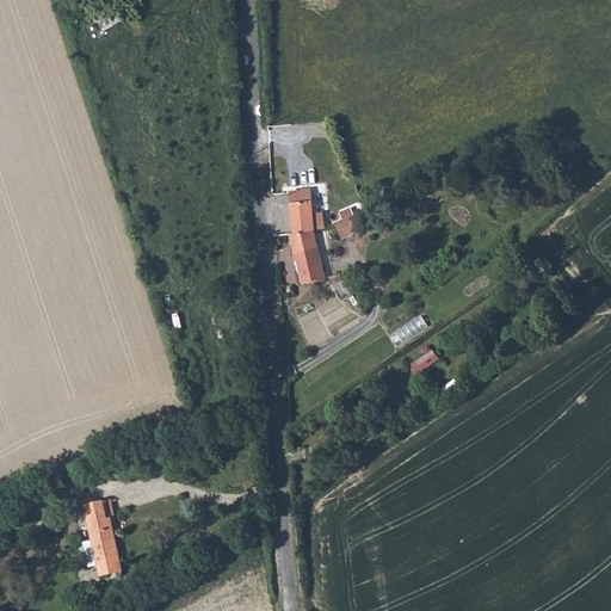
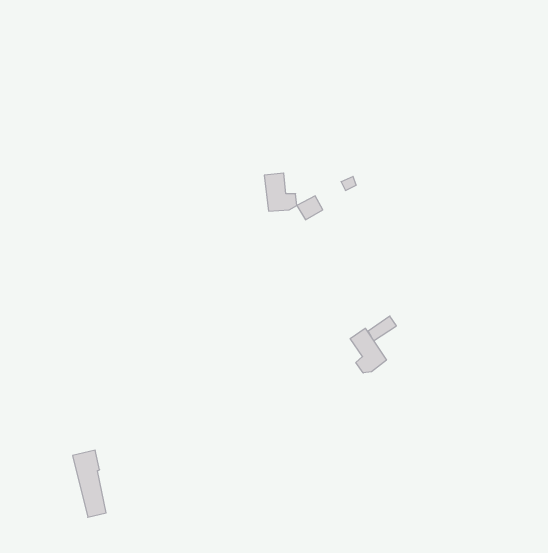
building: [292,232,322,284] -> none
building: none -> [350,328,386,373]

